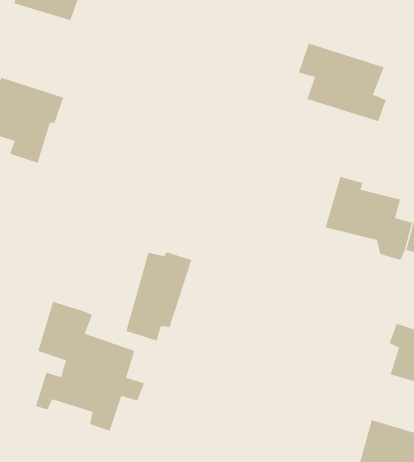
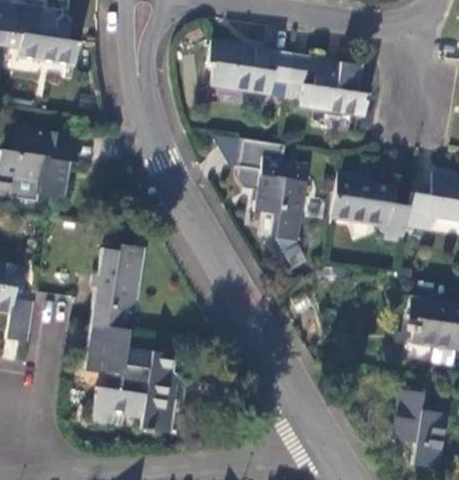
building: none -> [207,39,292,94]
building: none -> [235,140,308,242]
building: [125,251,192,341] -> [93,246,144,329]

